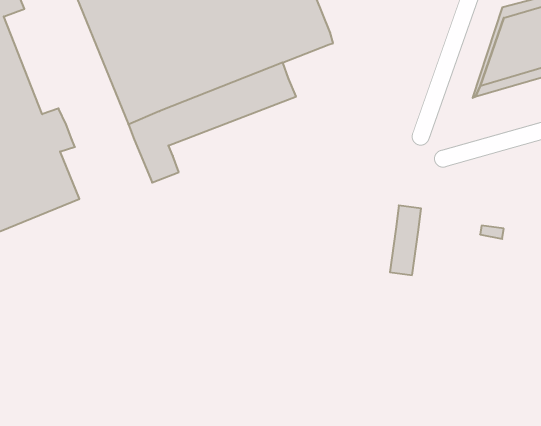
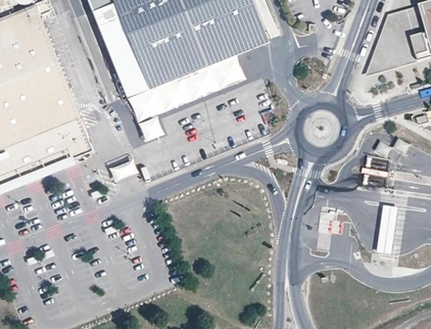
building: [390,205,421,275] -> [379,205,400,253]

